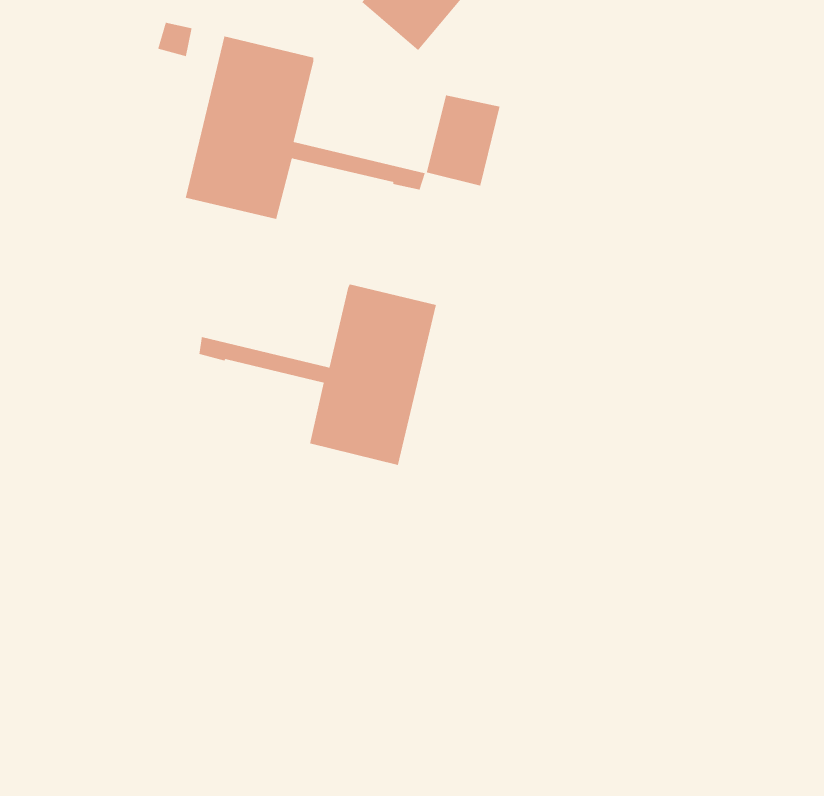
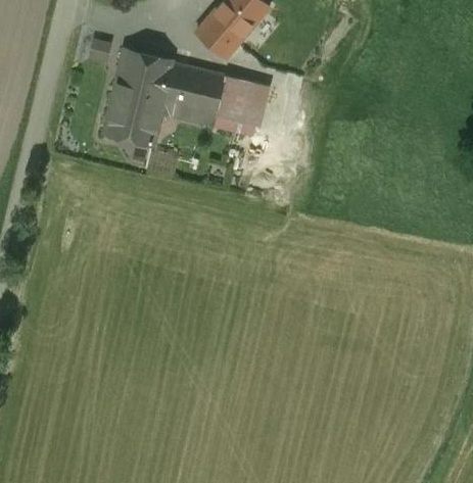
building: none -> [161,63,240,122]
building: [199,284,437,466] -> none

